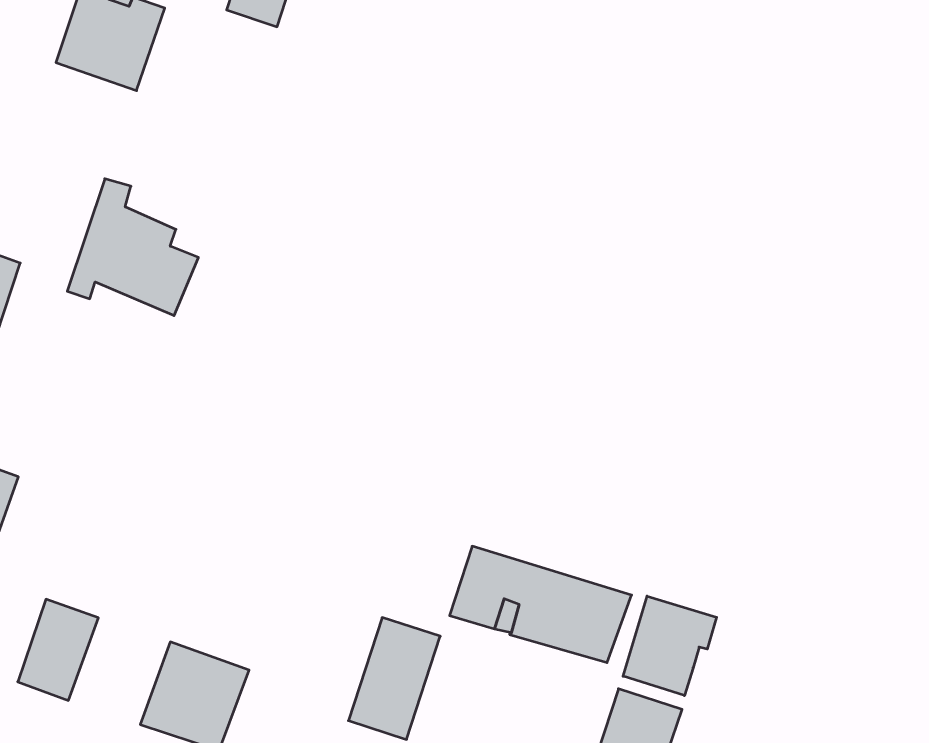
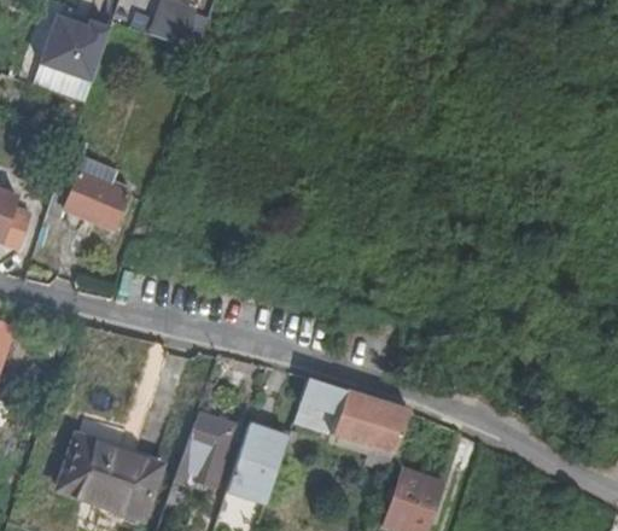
building: none -> [175,408,238,486]
building: [623,596,717,696] -> none
building: [18,599,98,700] -> [62,427,113,492]

